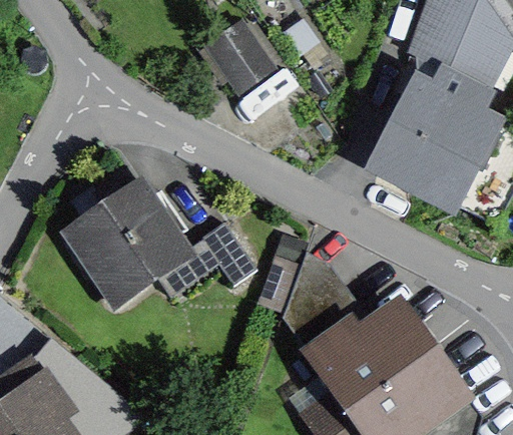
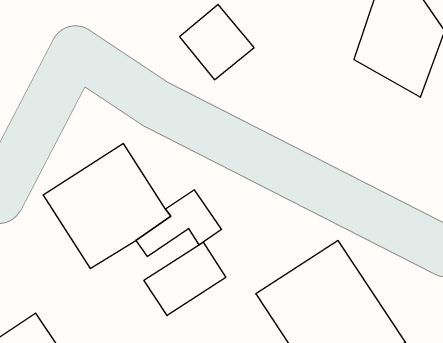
building: [360,76,503,218] -> none
building: none -> [144,242,226,316]

